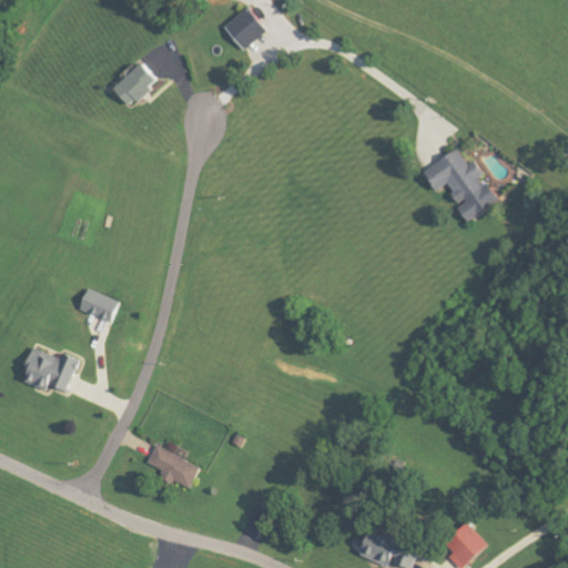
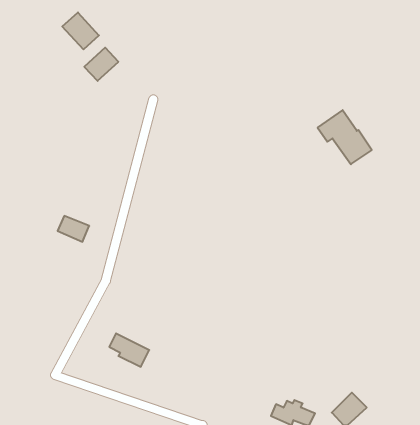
building: [222,7,265,50] -> none
building: none -> [62,12,99,49]
building: [21,346,77,389] -> none

